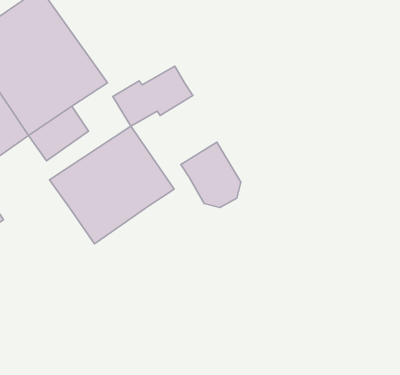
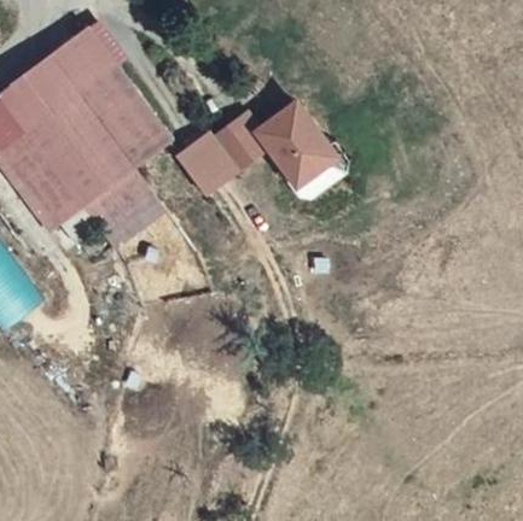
building: [49,126,174,244] -> none
building: [181,142,241,208] -> [256,110,325,185]

